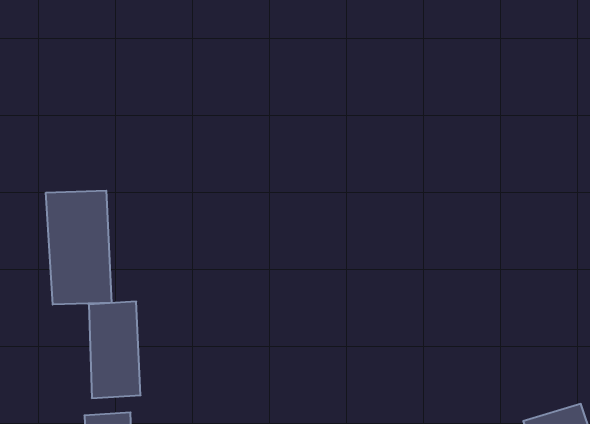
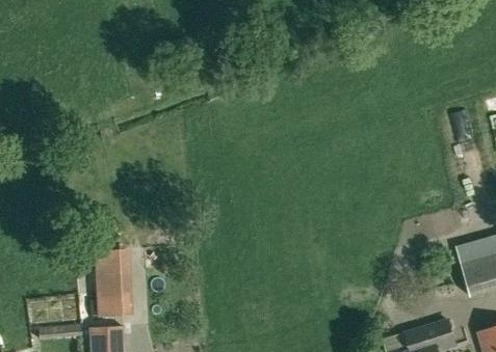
building: [46,191,111,305] -> none

